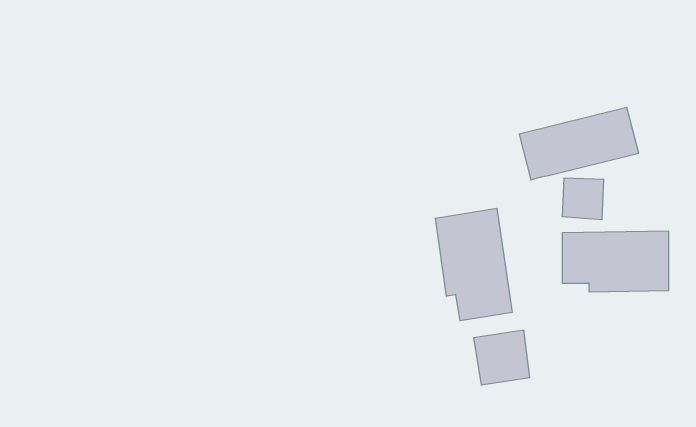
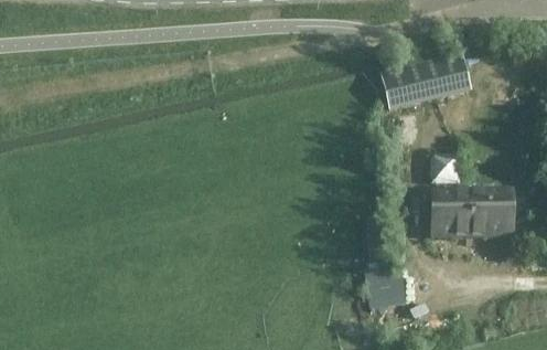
building: [519,107,639,180] -> [380,51,470,105]
building: [436,208,512,321] -> none

